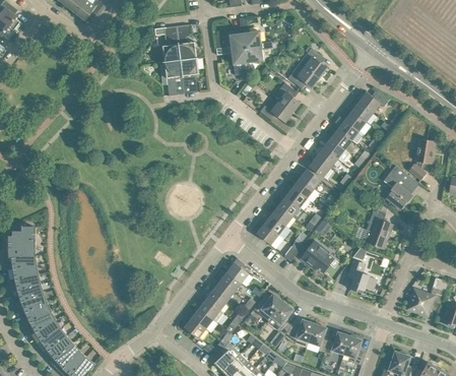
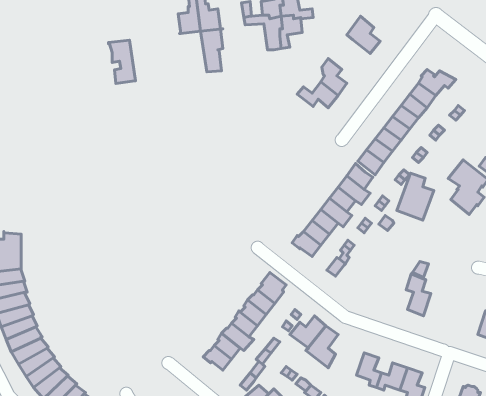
building: [162,59,185,95] -> [108,40,136,83]
building: [287,62,319,87] -> none
building: [362,209,392,248] -> [397,173,434,220]
building: [300,240,338,271] -> none
building: [284,319,314,347] -> none

